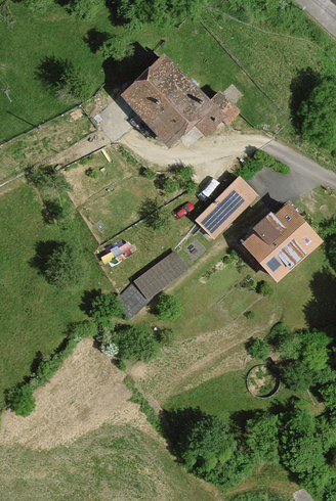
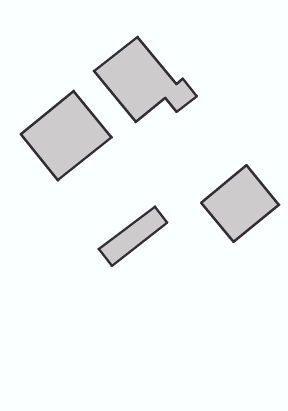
building: none -> [21,91,112,180]
building: [196,174,261,238] -> none

